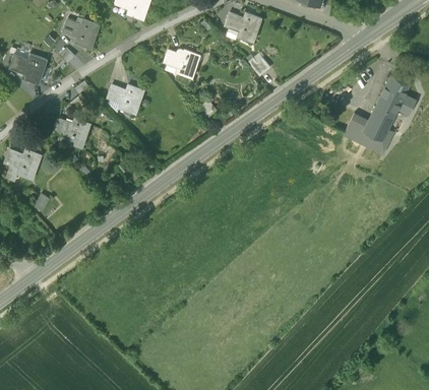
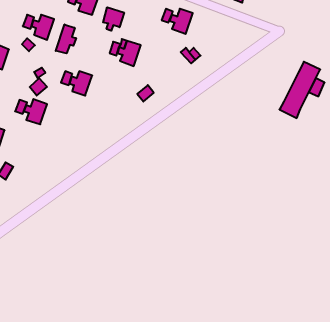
building: none -> [103,7,124,31]
building: none -> [56,24,76,53]
building: [345,114,392,151] -> none

